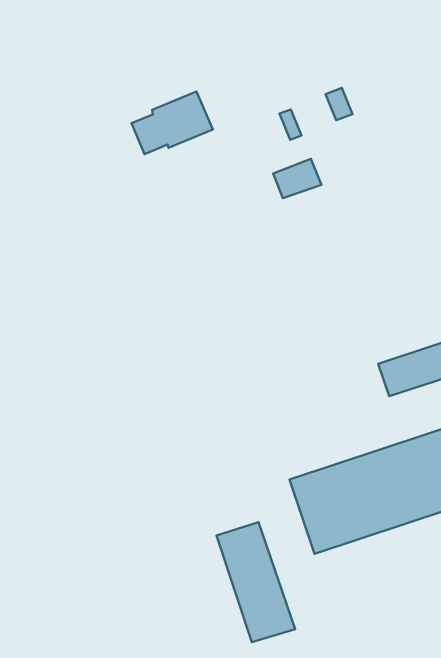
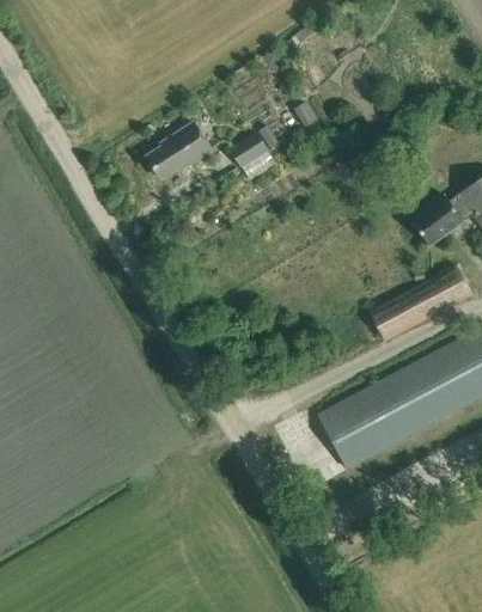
building: [273,159,322,198] -> [230,131,269,166]
building: [216,522,295,642] -> none

